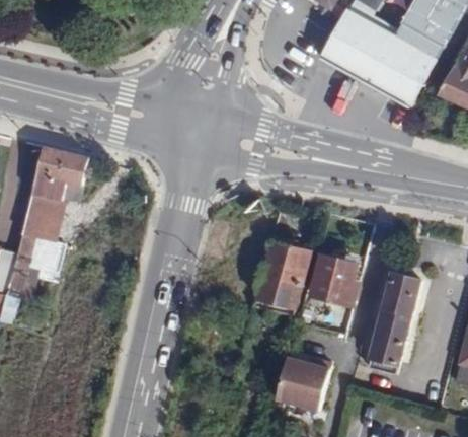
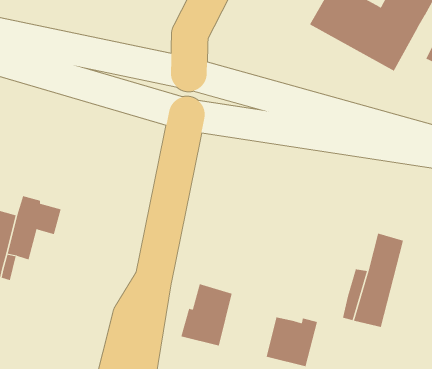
building: [24,147,91,238] -> none
building: [255,241,309,306] -> [181,284,232,346]
building: [312,254,357,301] -> none

